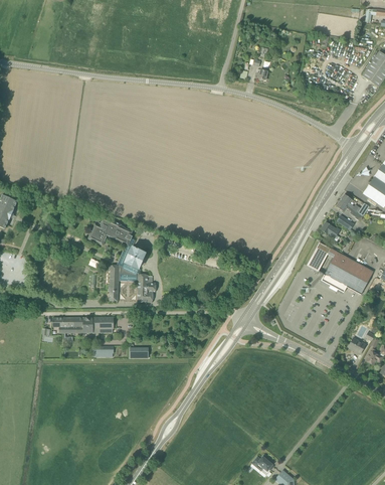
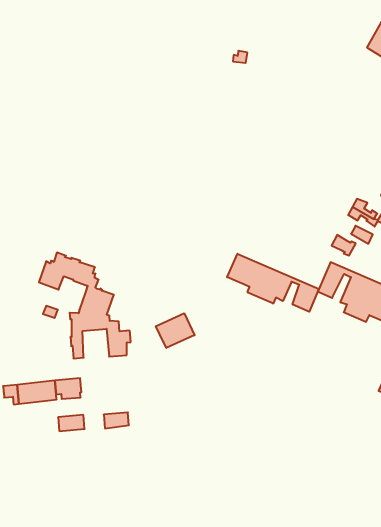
building: none -> [227,254,319,312]
building: none -> [156,313,195,348]

